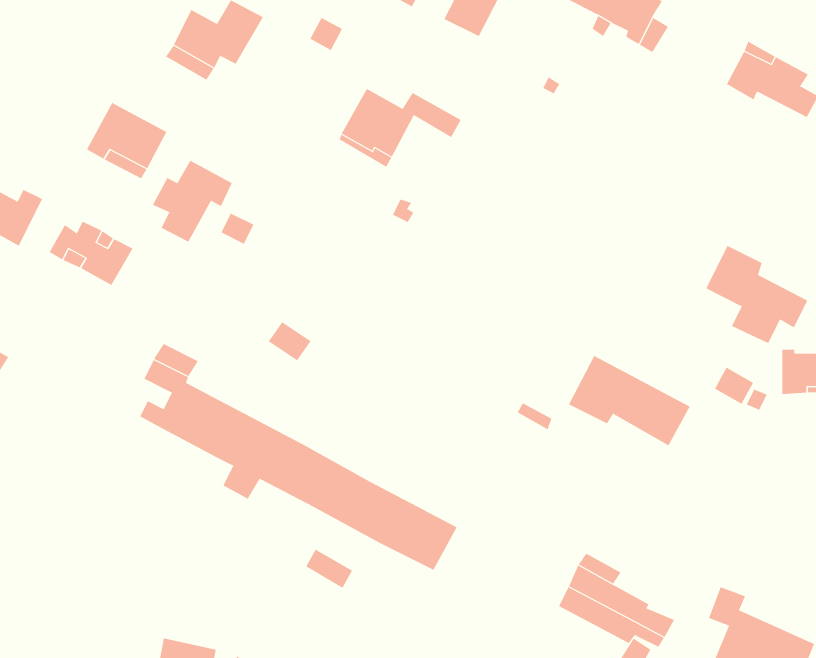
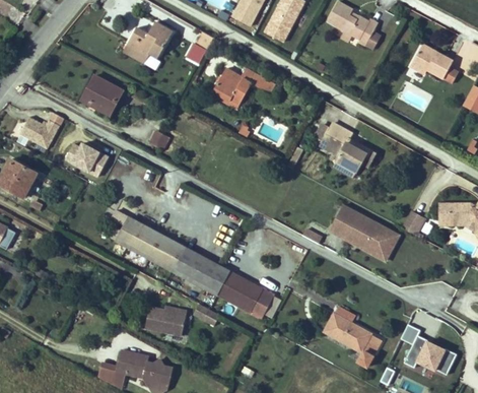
building: [152,160,233,243] -> none
building: [705,245,808,344] -> [321,124,373,175]
building: none -> [349,232,399,261]
building: none -> [144,307,187,336]

